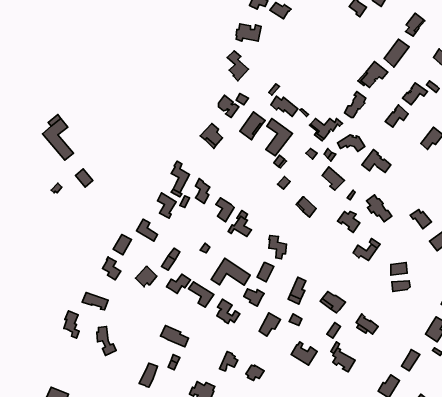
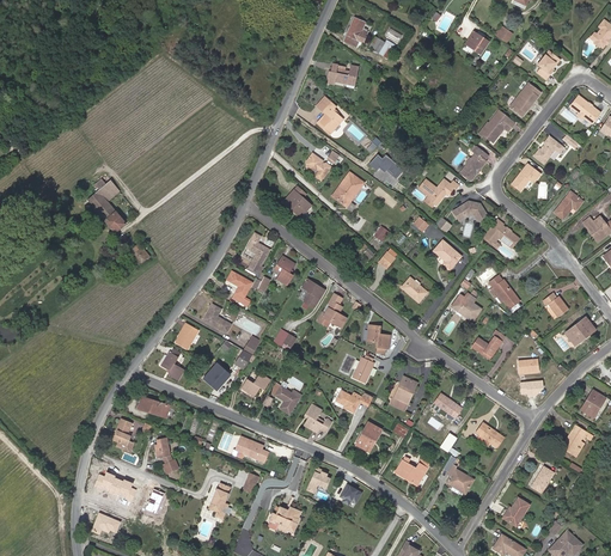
building: [266,119,292,156] -> none
building: [211,258,250,285] -> none
building: none -> [92,472,135,501]

